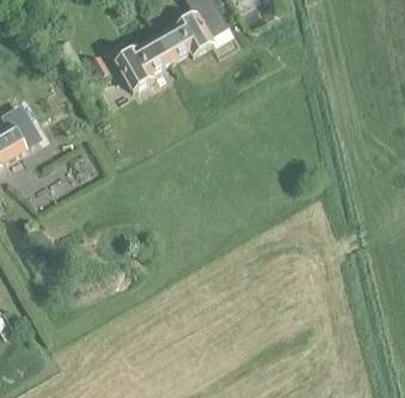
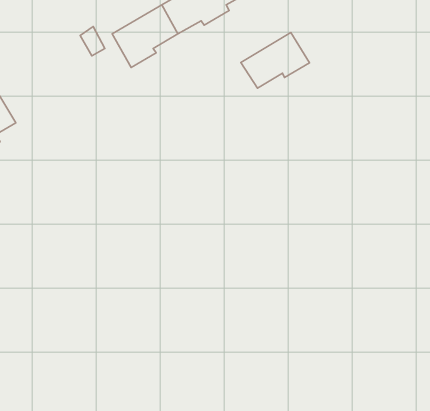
building: none -> [241,33,310,88]

